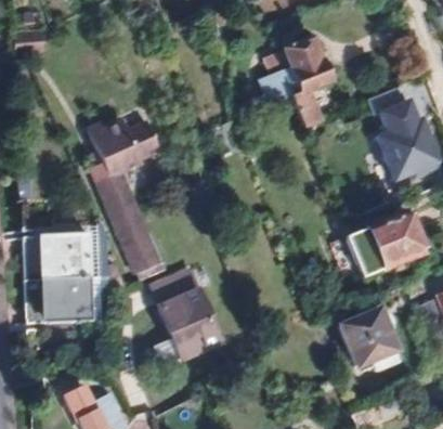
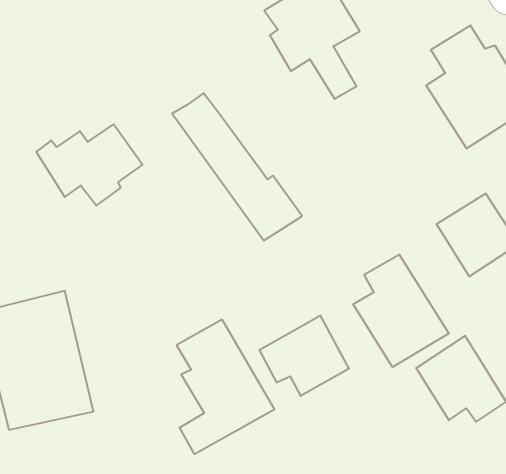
building: [88,160,169,273] -> [172,93,302,240]
building: none -> [353,254,449,367]
building: none -> [260,315,349,396]

